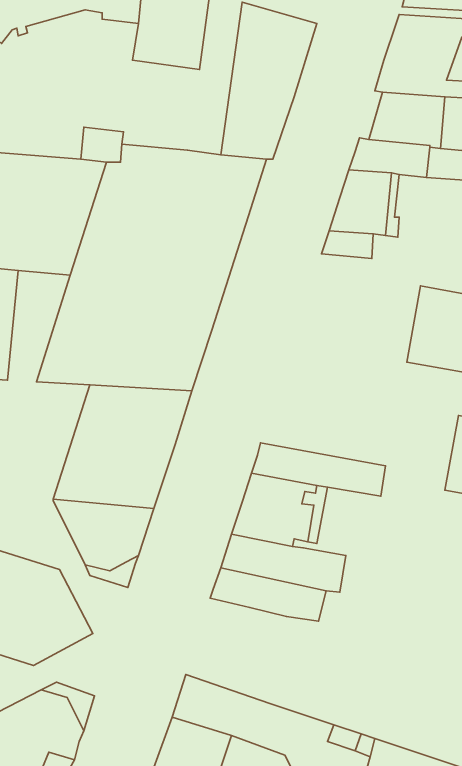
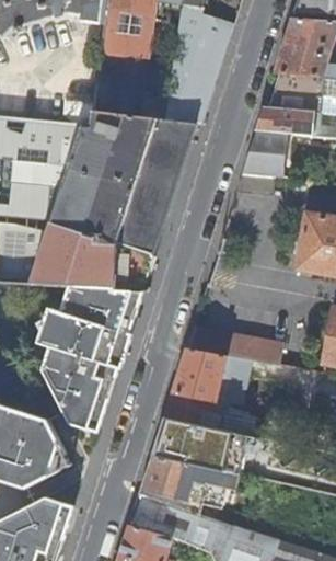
building: none -> [9,202,54,282]
building: none -> [137,453,236,513]

